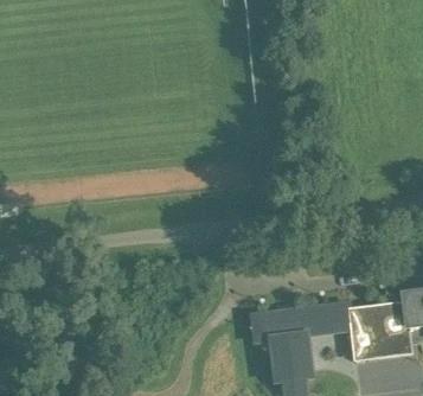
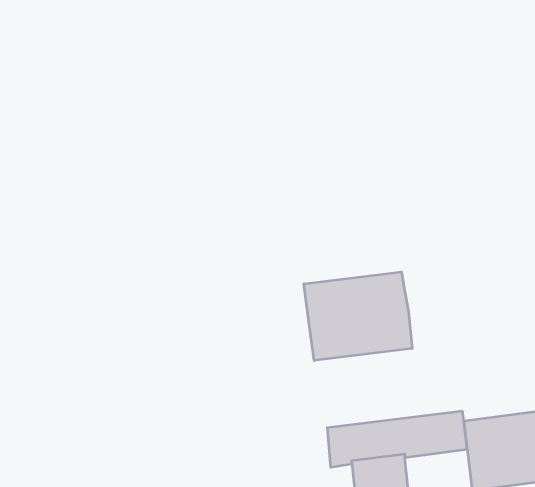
building: none -> [304,272,412,361]

